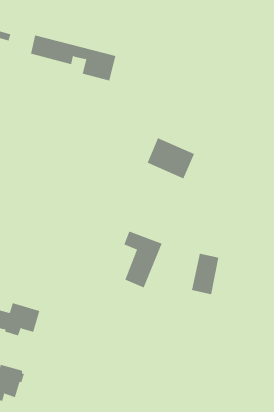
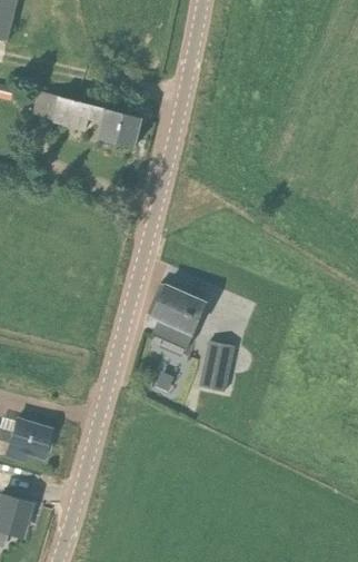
building: [147,138,195,179] -> [148,283,207,334]
building: [191,253,219,295] -> [200,341,235,392]

